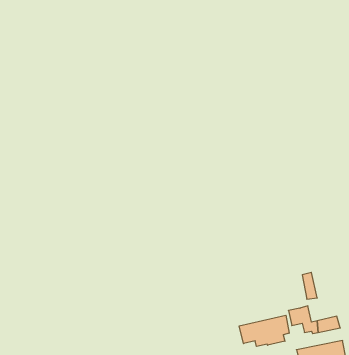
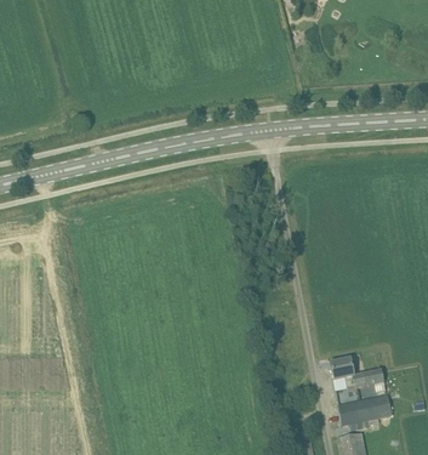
building: [239,315,289,346] -> none

